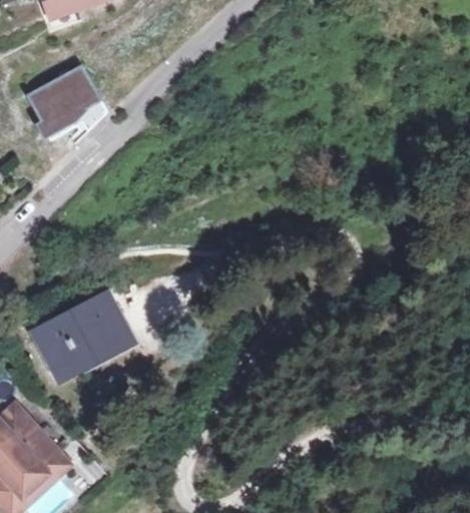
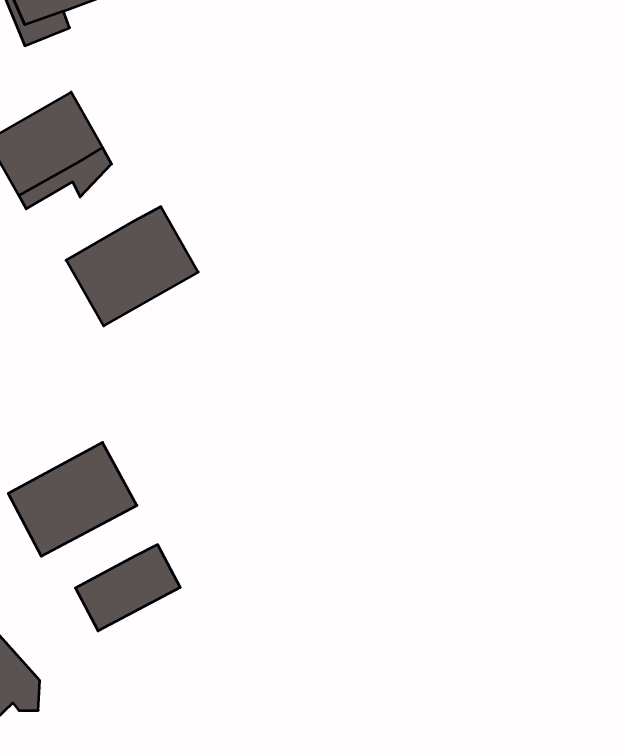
building: none -> [66,207,198,326]
building: none -> [75,545,180,631]

